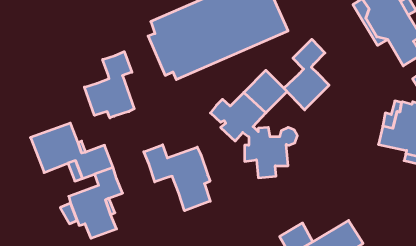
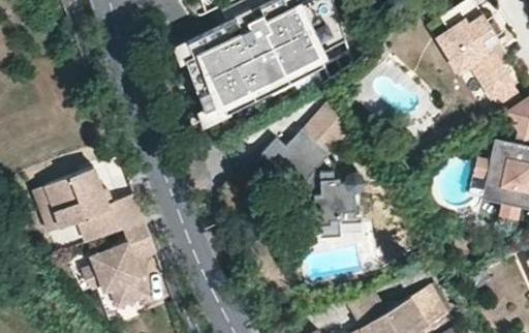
building: [284,39,329,110] -> none
building: [84,52,134,118] -> none
building: [144,145,210,211] -> none

